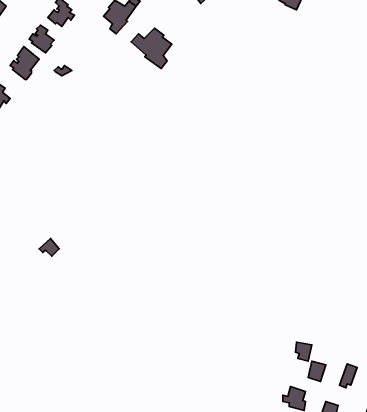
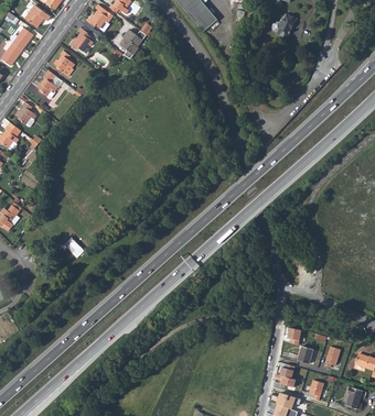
building: [131,28,172,68] -> none

